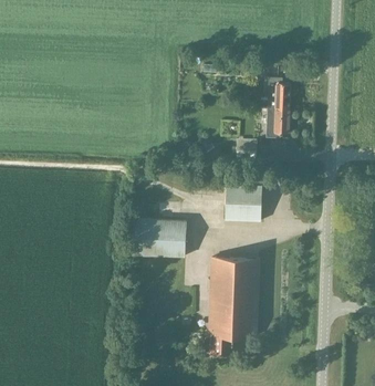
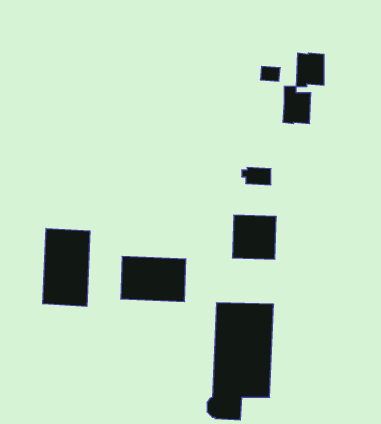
building: [265,108,289,136] -> [296,53,324,86]
building: none -> [43,228,90,306]

